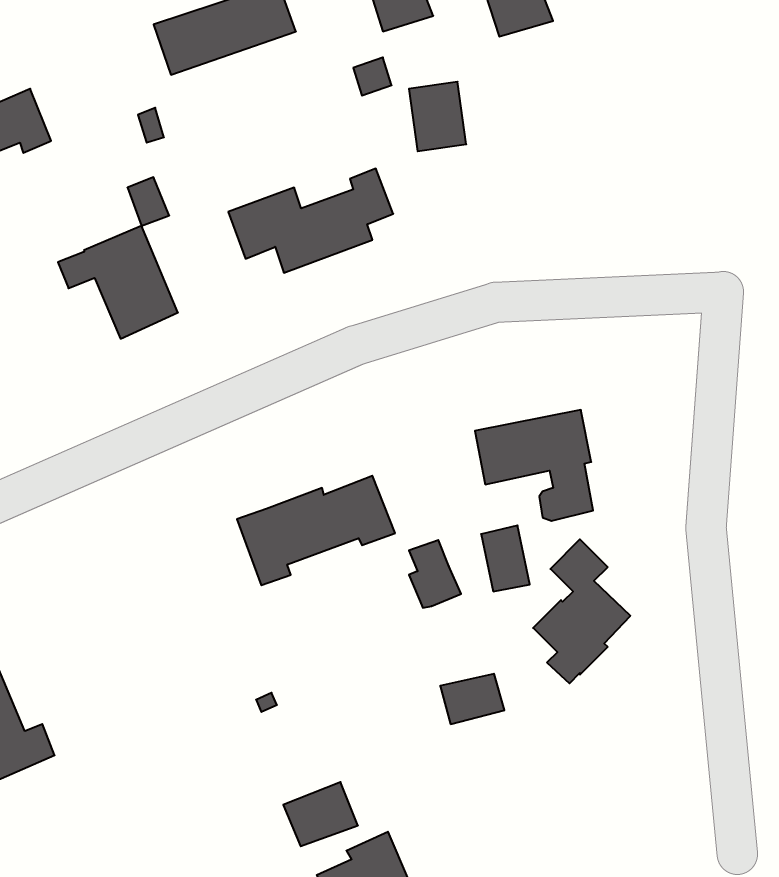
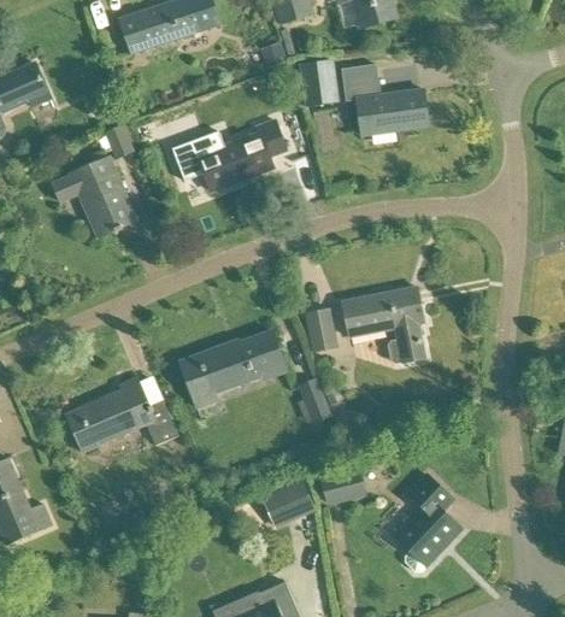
building: none -> [342,64,430,135]
building: [481,525,530,591] -> [304,306,337,352]
building: [533,539,630,683] -> [394,471,461,571]
building: none -> [66,378,179,453]
building: [283,782,358,846] -> [260,480,312,524]

